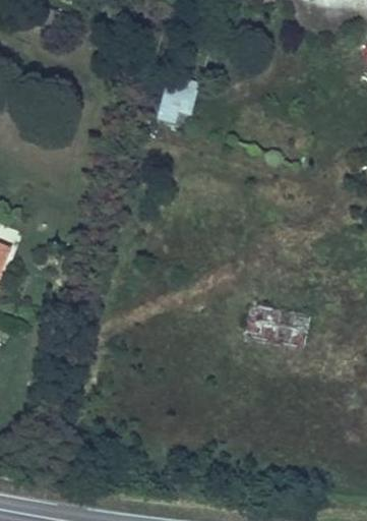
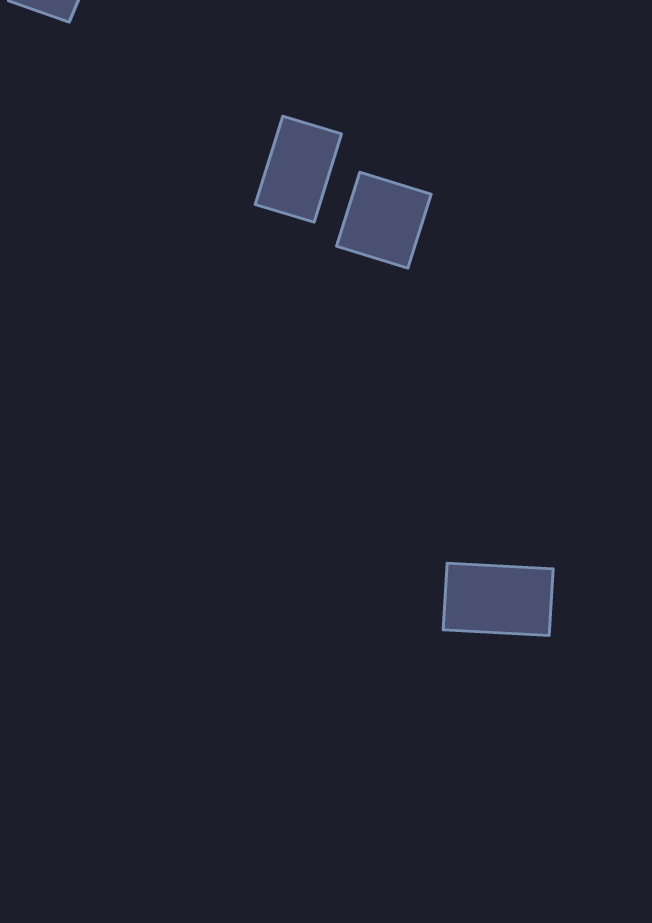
building: none -> [336,172,431,268]

